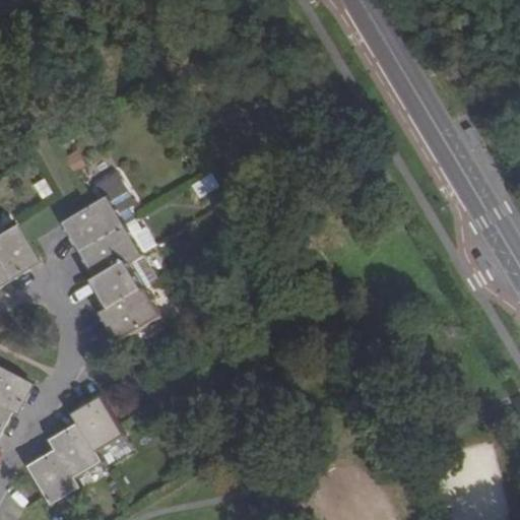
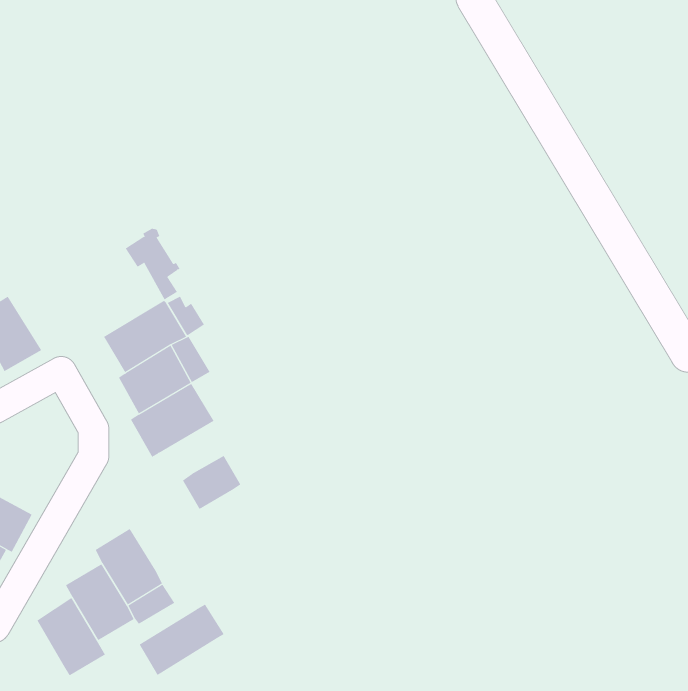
building: [61,197,123,252] -> none
building: none -> [182,455,241,510]
building: none -> [139,604,225,676]

